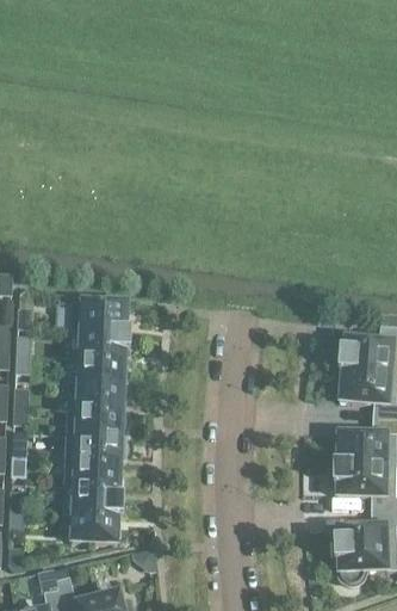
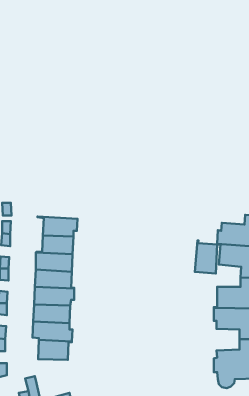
building: [70,301,130,332] -> none
building: none -> [195,240,217,273]

